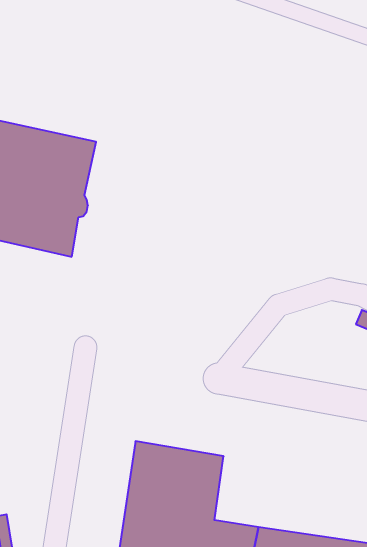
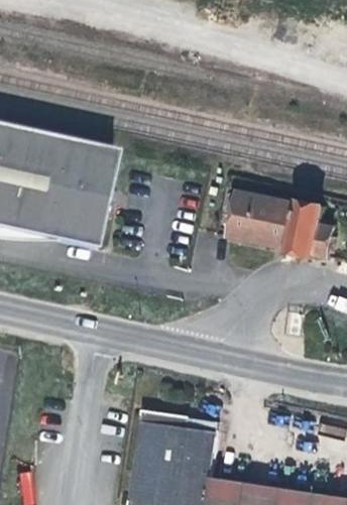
building: none -> [230,193,334,257]

